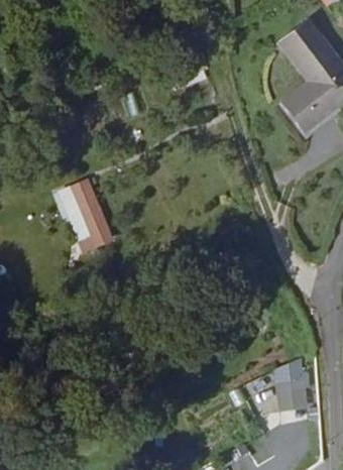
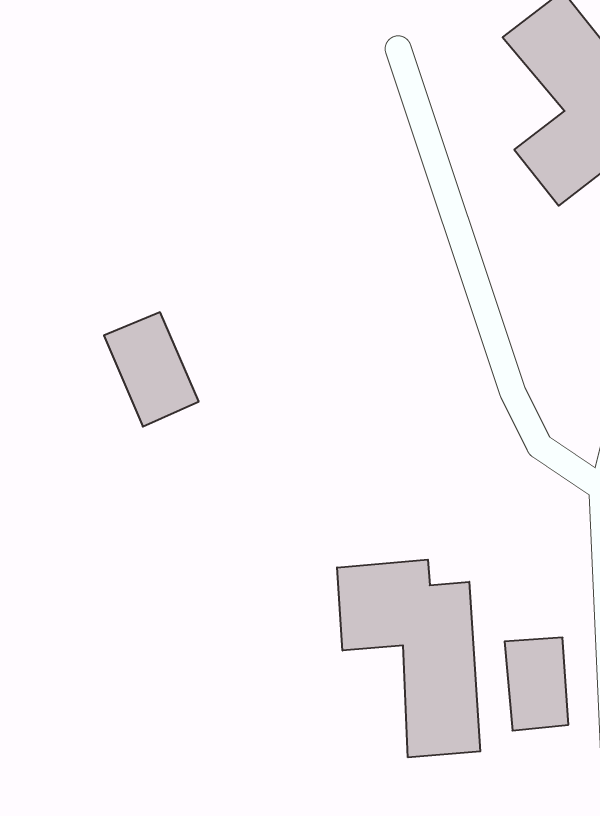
building: none -> [337,560,480,757]

